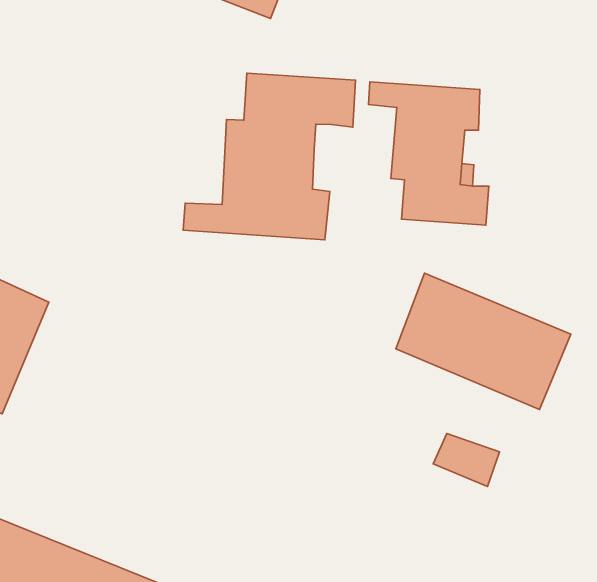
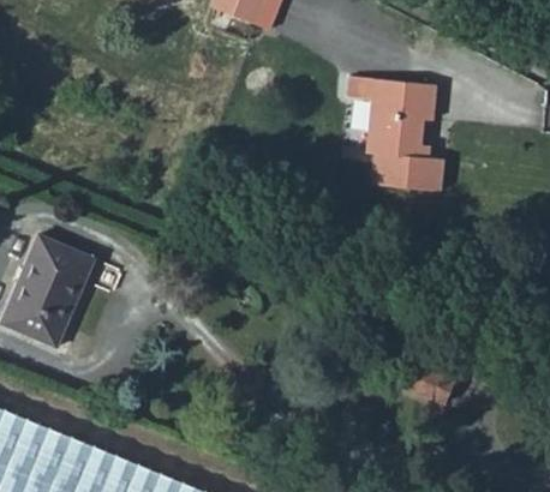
building: [183,73,356,240] -> none
building: [396,273,571,410] -> none

